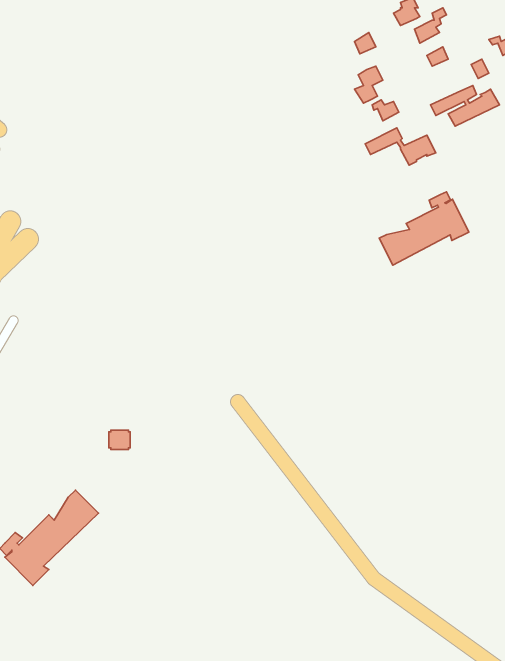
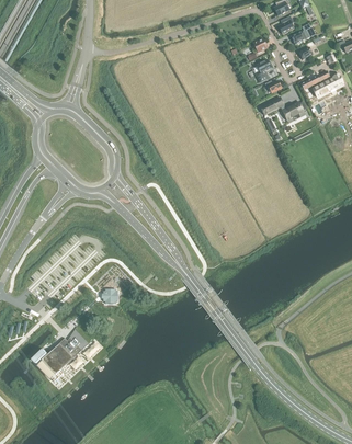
building: [379,192,469,265] -> none

